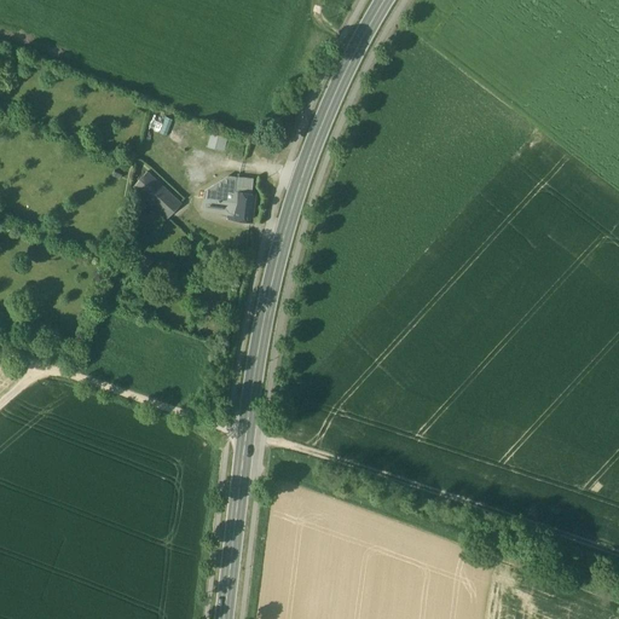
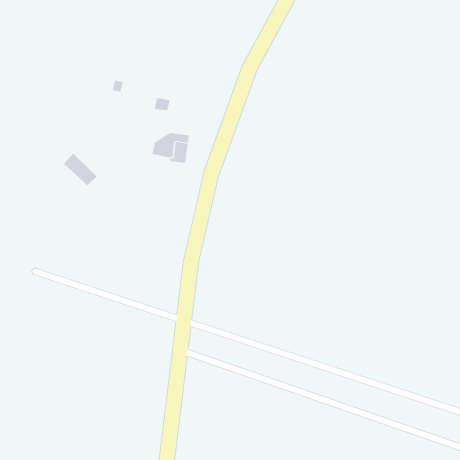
building: [135,170,181,215] -> [63,153,97,186]

